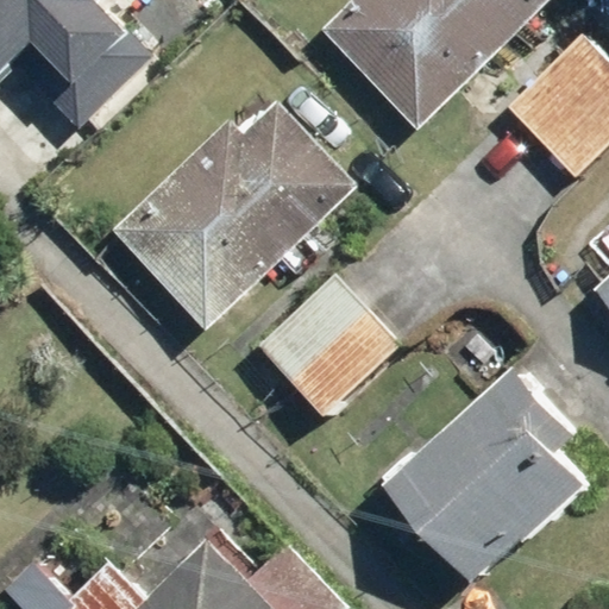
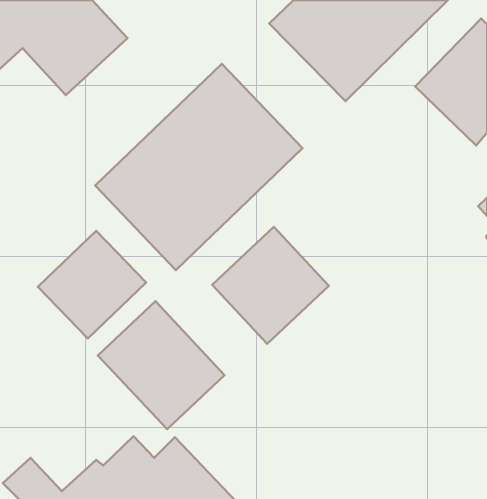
building: none -> [38,231,146,339]
building: [377,366,572,585] -> none
building: none -> [98,301,225,429]

